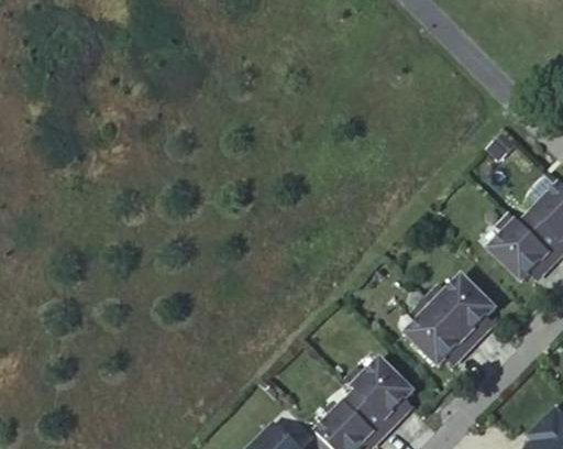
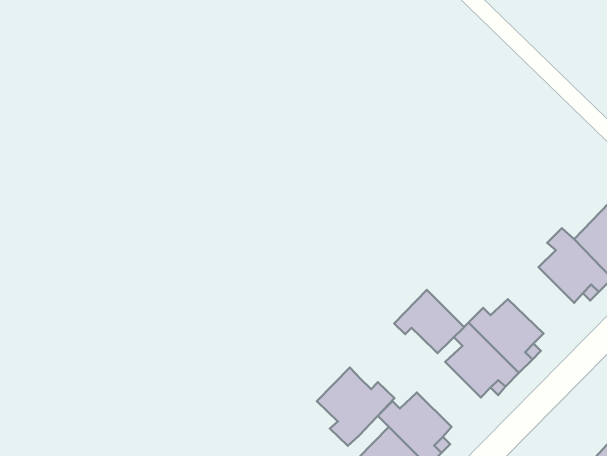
building: none -> [394,290,464,353]
building: none -> [317,367,394,446]

